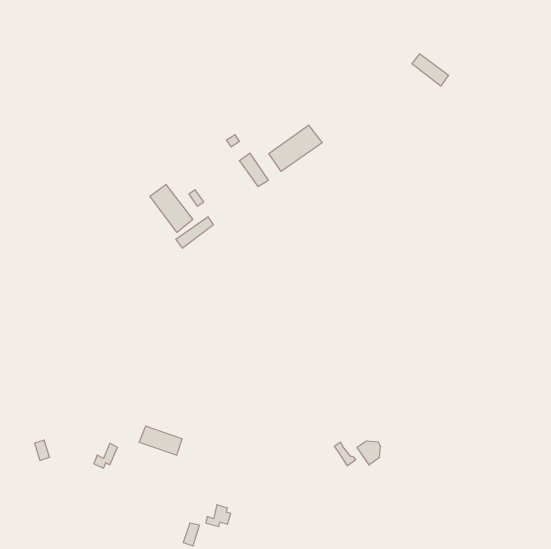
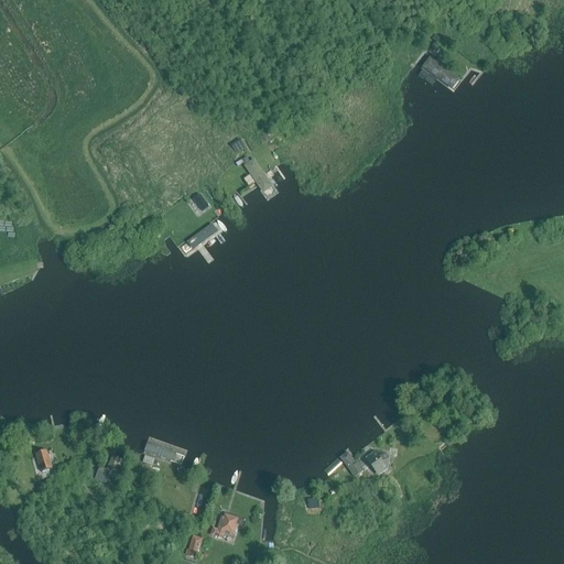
building: [269,125,322,171] -> none
building: [150,184,193,232] -> none

